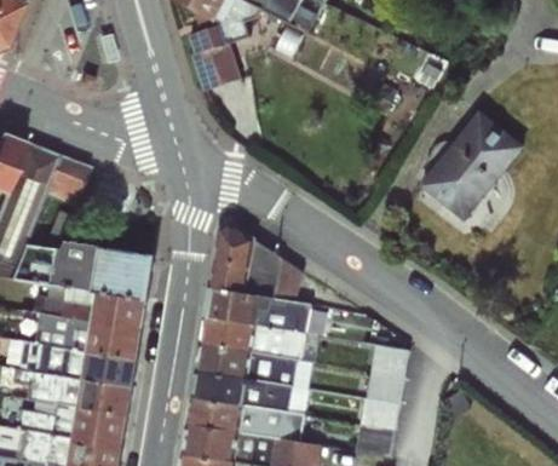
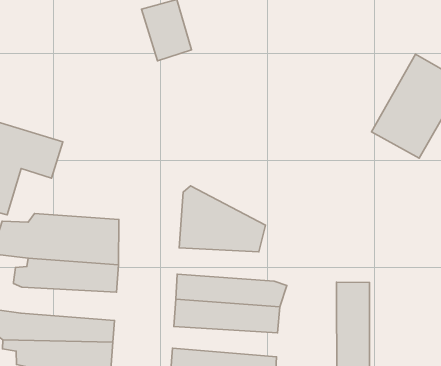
building: [203,292,309,336] -> none
building: [33,318,137,363] -> none
building: [191,375,305,418] -> none

